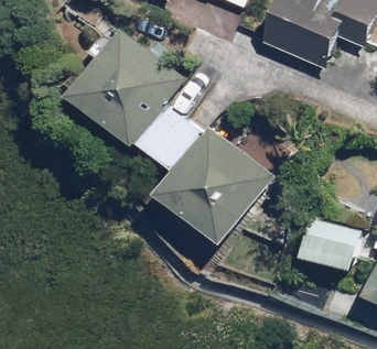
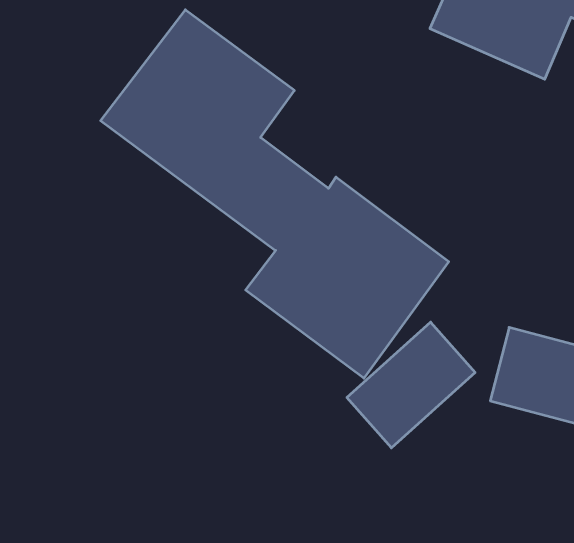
building: none -> [347,322,475,448]

